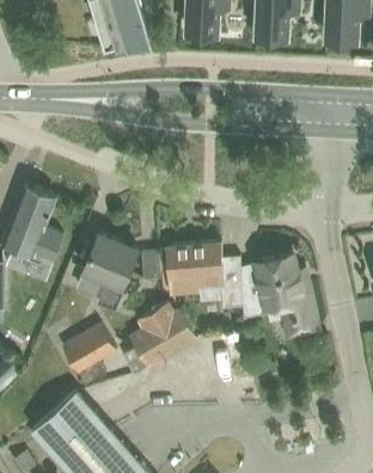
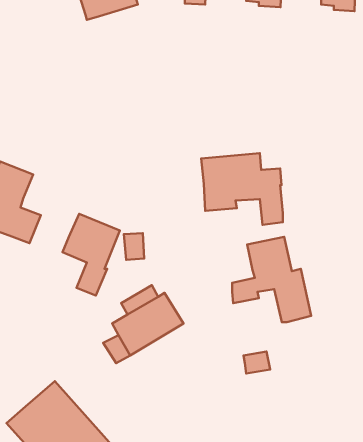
building: [165,244,241,311] -> [201,153,283,225]
building: [61,325,115,386] -> none

